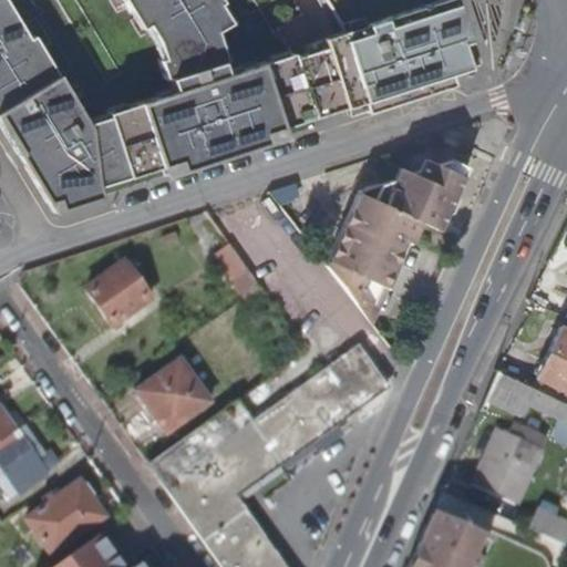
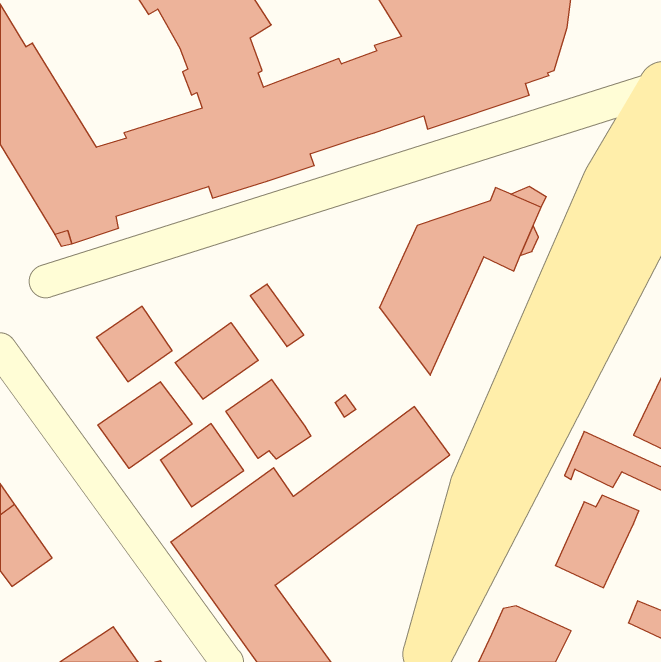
building: none -> [175,323,258,399]
building: none -> [226,379,311,459]
building: none -> [98,382,192,468]
building: [30,478,107,550] -> none

